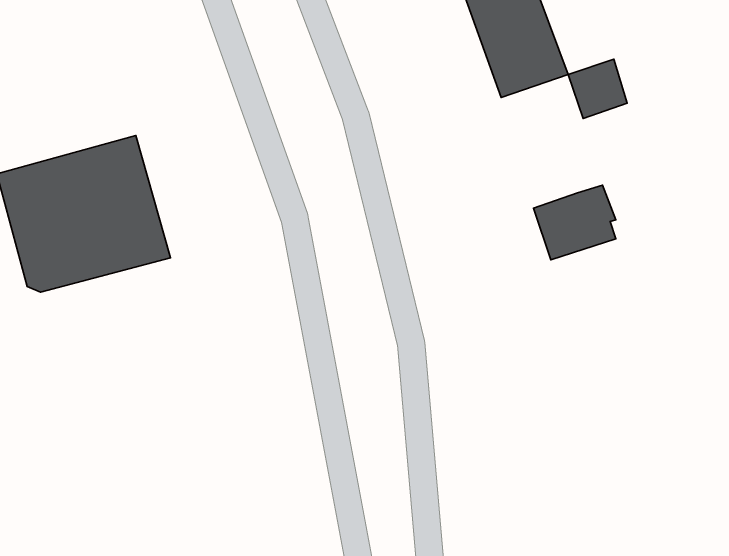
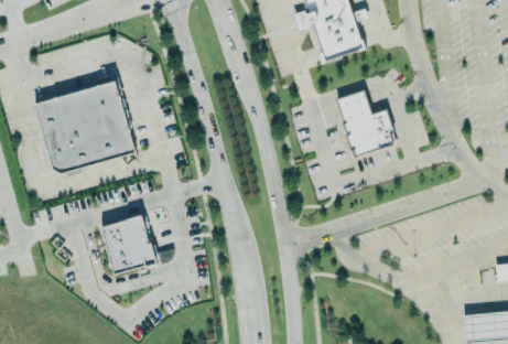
building: [568,59,627,118] -> [337,88,371,122]
building: none -> [93,218,156,275]

